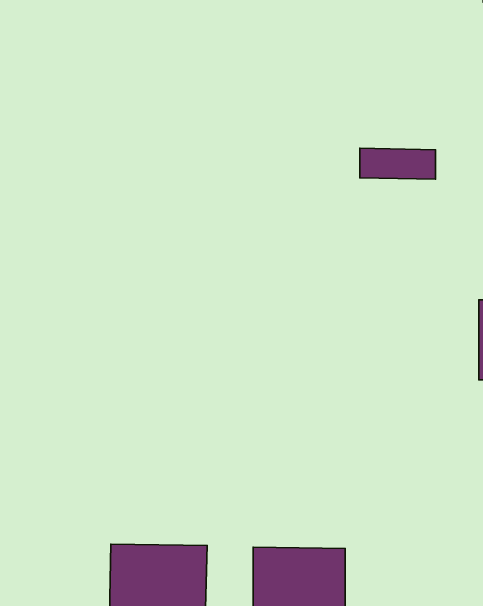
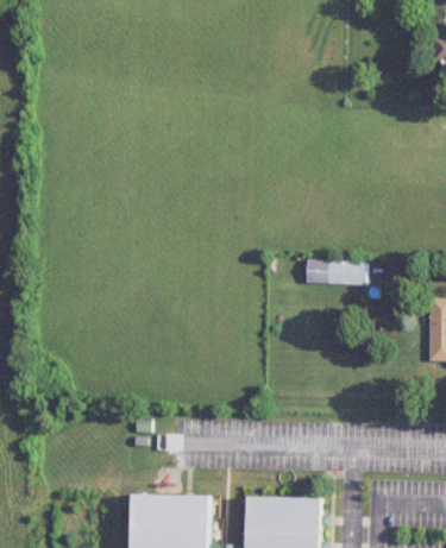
building: [360,148,435,179] -> [303,260,364,285]

